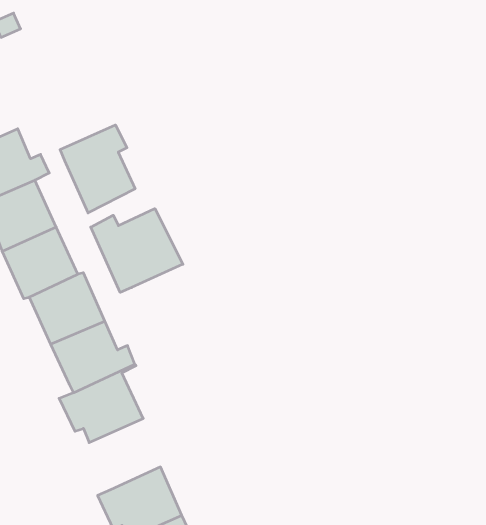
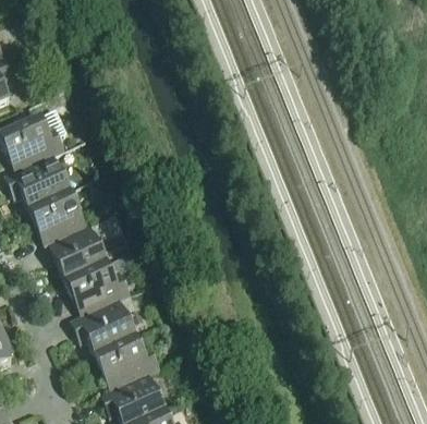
building: [60,125,135,213] -> none
building: [91,209,183,292] -> none
building: none -> [94,334,159,388]

